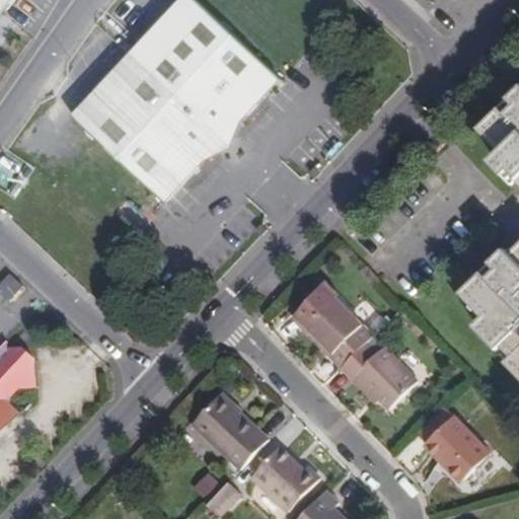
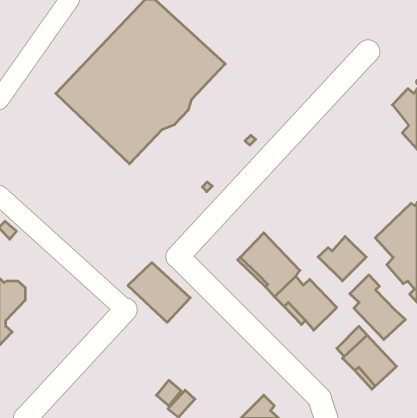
building: none -> [318,236,366,281]
building: none -> [350,275,405,340]
building: [193,395,270,469] -> [128,263,190,322]
building: [252,447,319,510] -> none

